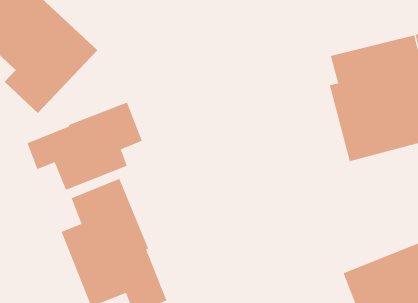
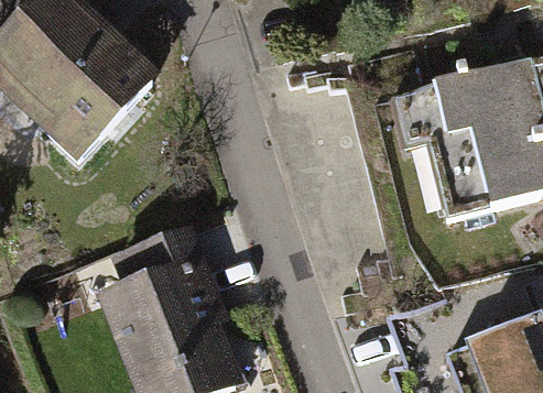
building: [26,102,143,191] -> none

